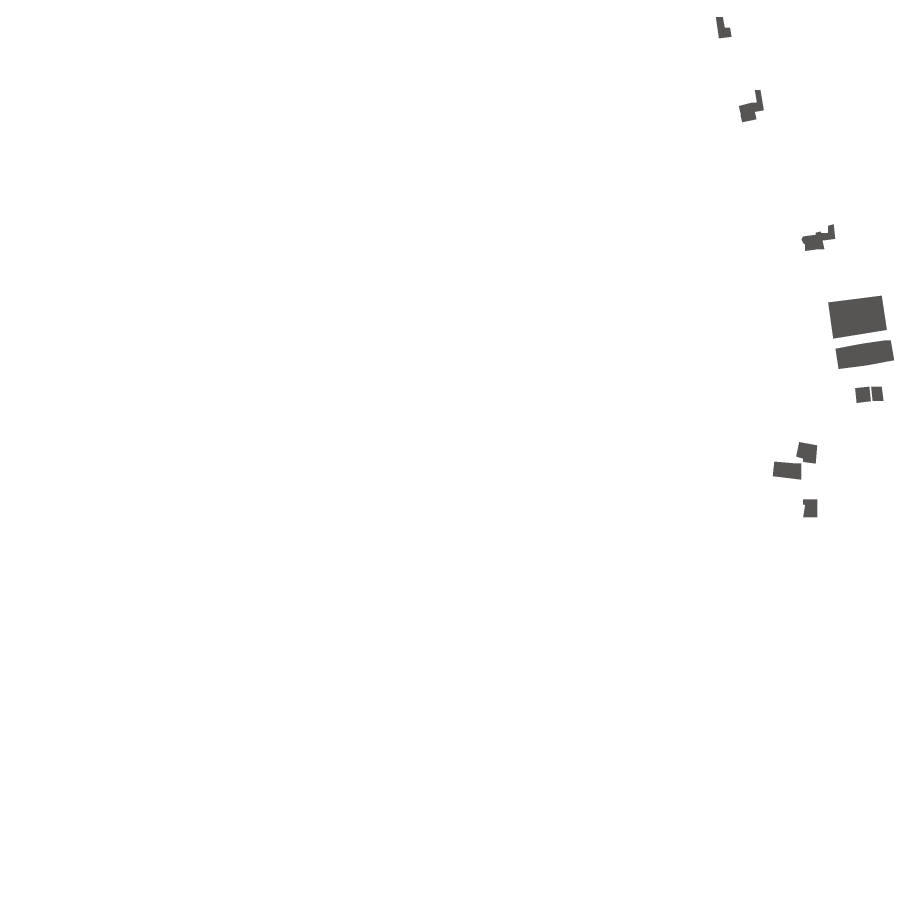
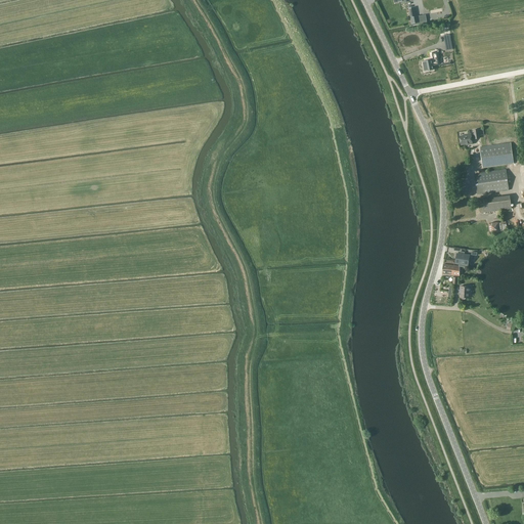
building: none -> [480,142,514,167]

